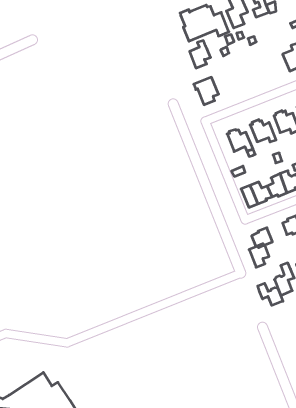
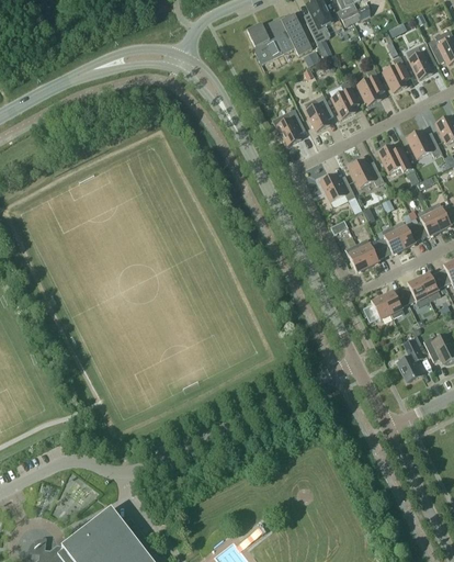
building: [190,41,211,68] -> [305,94,332,131]
building: none -> [355,69,384,105]
building: none -> [330,81,357,117]
building: [249,245,269,267] -> [381,289,407,318]
building: [258,283,283,305] -> none

